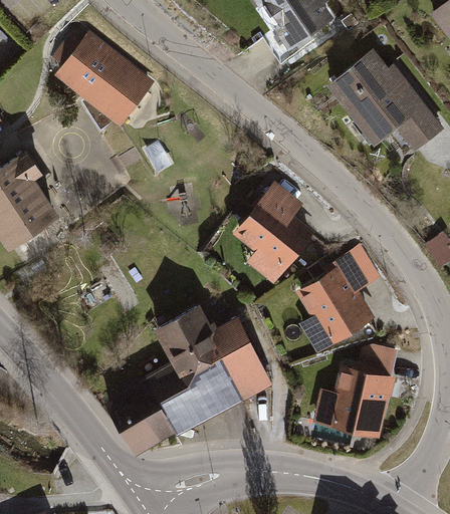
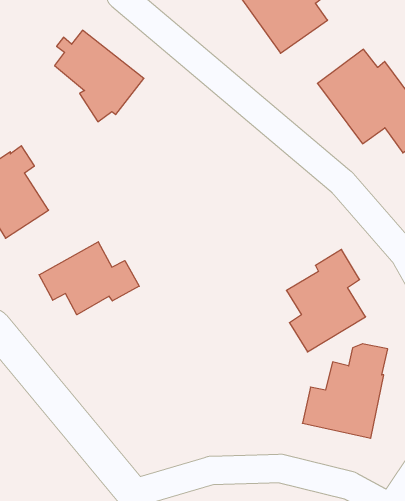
building: [238,180,318,281] -> none
building: none -> [39,242,139,315]
building: [110,304,275,451] -> none

